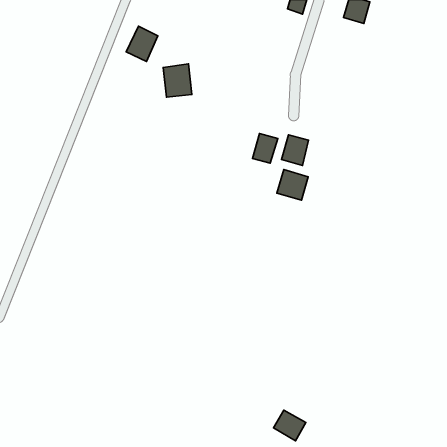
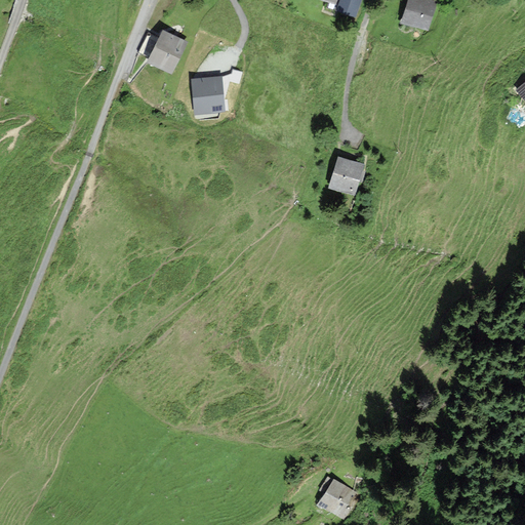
building: [252,133,278,163] -> none
building: [277,169,308,200] -> none

